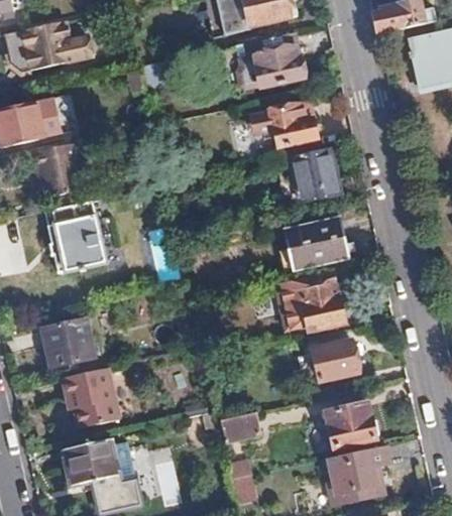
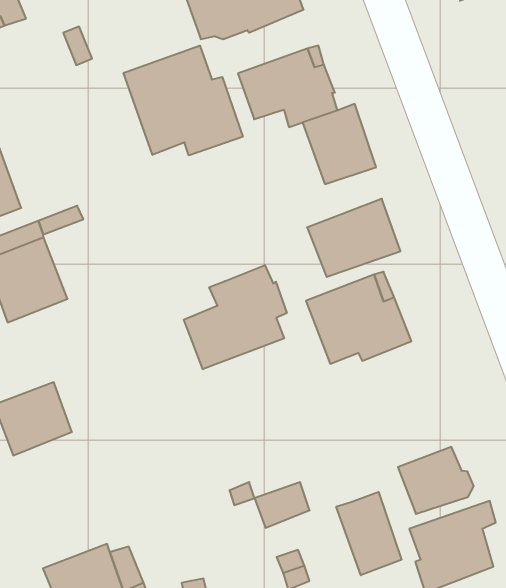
building: none -> [124,46,243,155]
building: none -> [184,265,287,369]
building: [315,341,360,382] -> none
building: [62,368,118,425] -> none
building: none -> [336,492,402,575]

